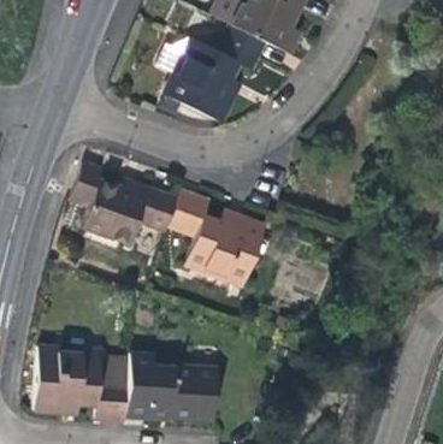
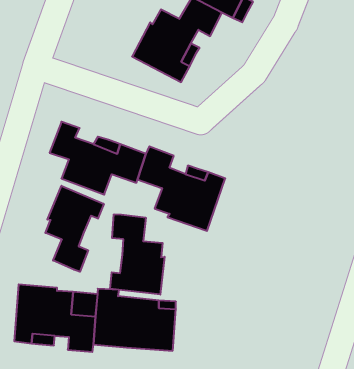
building: none -> [45,186,104,272]
building: none -> [110,214,165,295]

